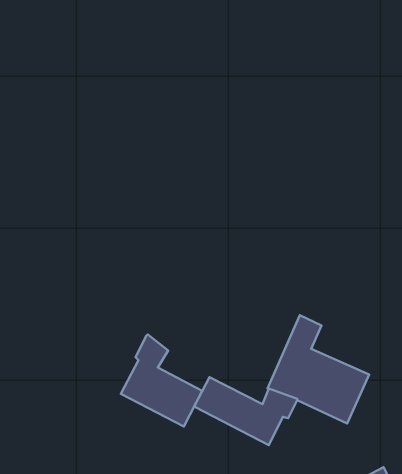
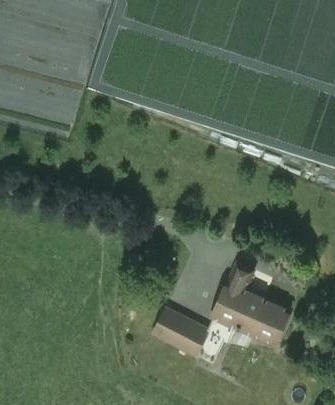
building: [121,335,202,427] -> none

